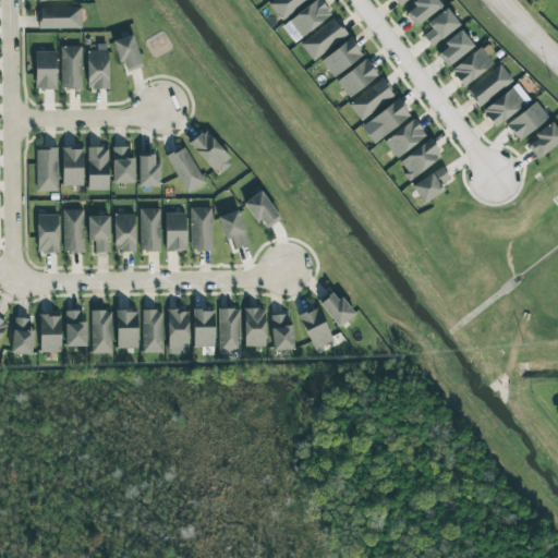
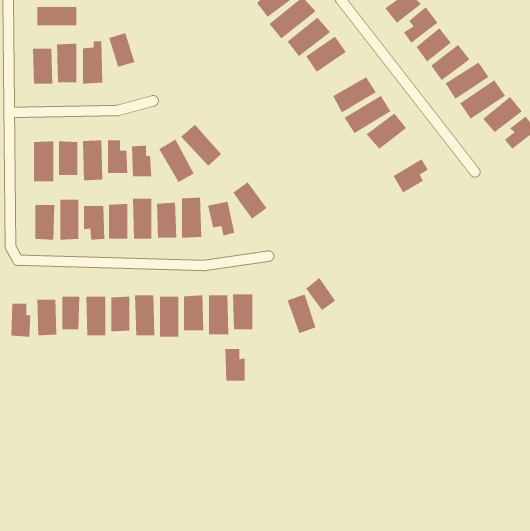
building: [338,57,380,97] -> none
building: [400,137,444,179] -> none
building: [272,314,294,349] -> [225,348,245,382]

